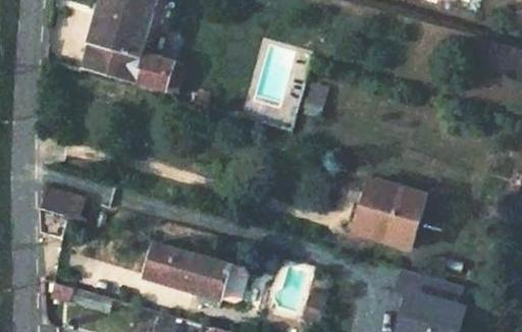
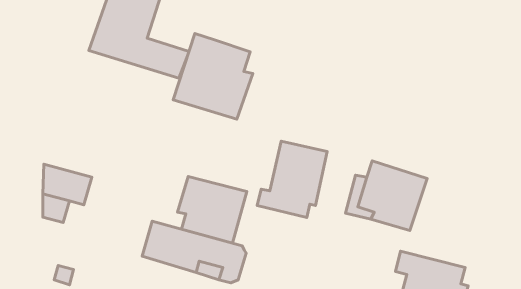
building: none -> [173,34,253,119]
building: none -> [257,141,327,217]
building: none -> [177,177,247,243]

